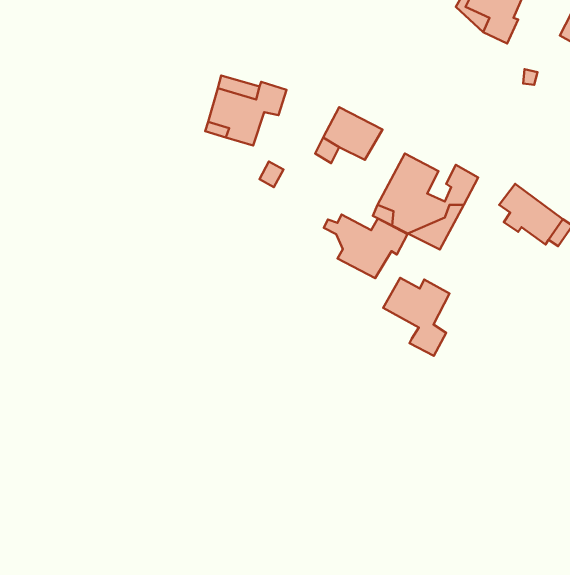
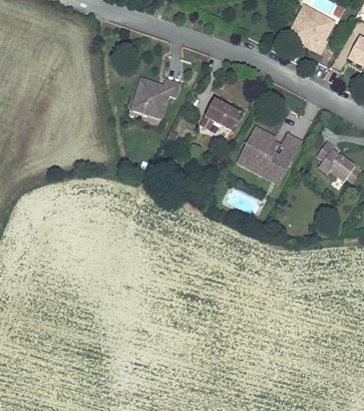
building: [324,215,408,278] -> none
building: [383,278,449,356] -> none

